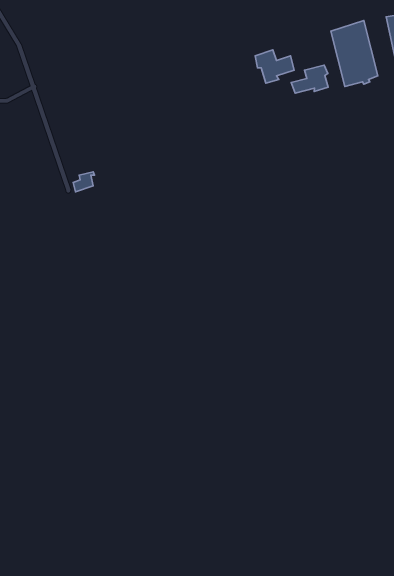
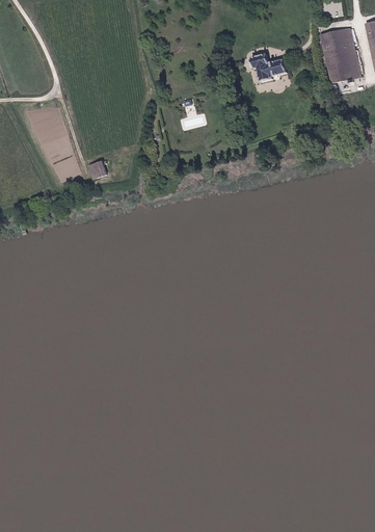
building: [291,65,328,93] -> none

